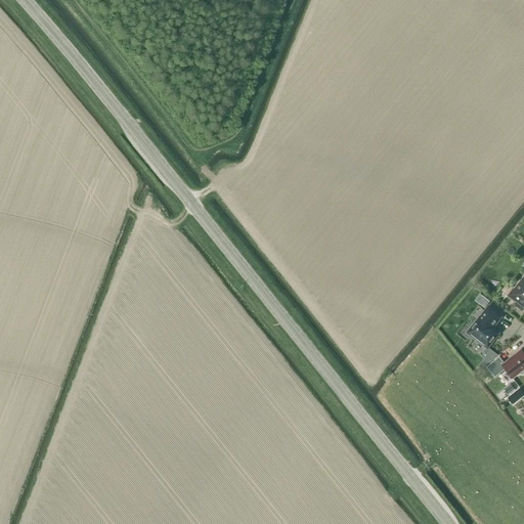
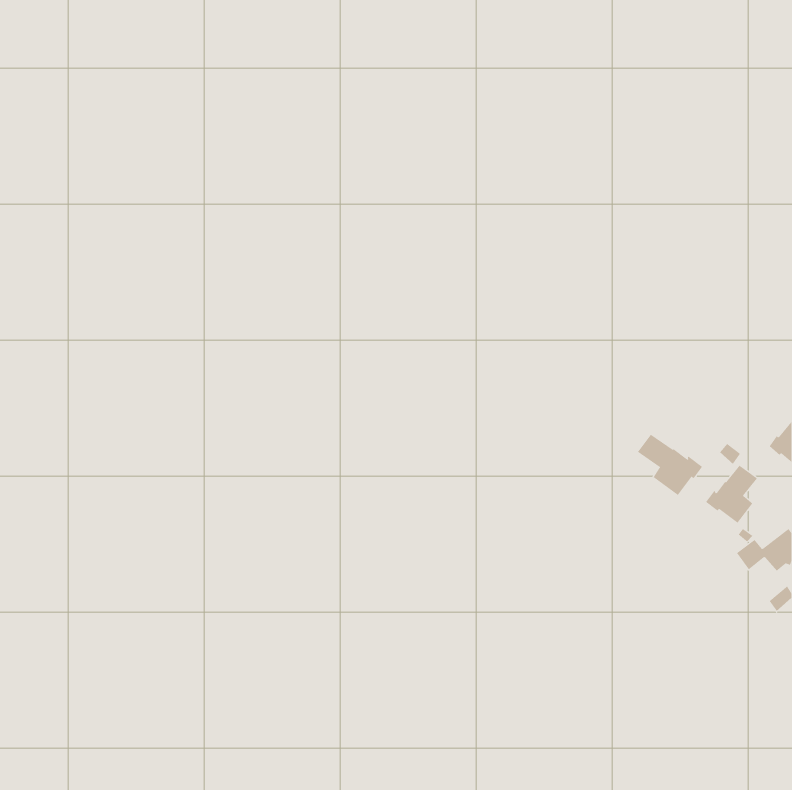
building: none -> [637,434,703,496]

